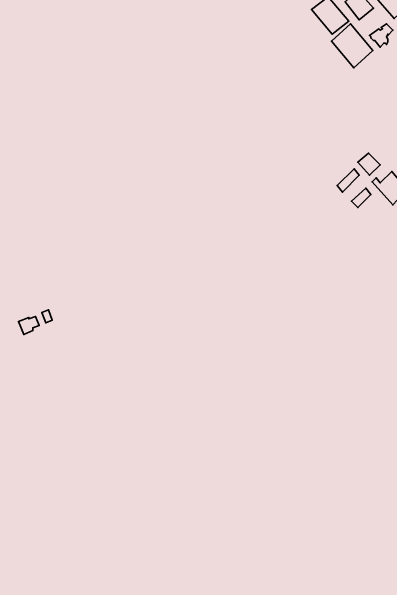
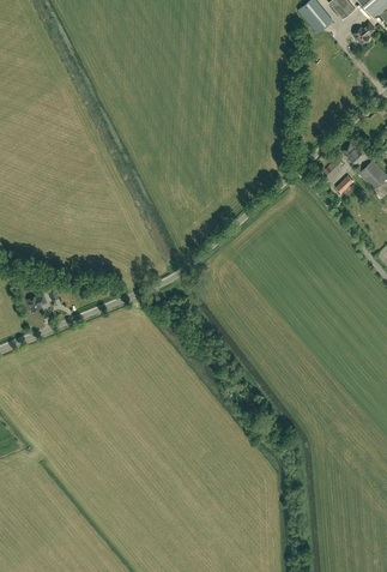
building: [331,24,373,68] -> none

